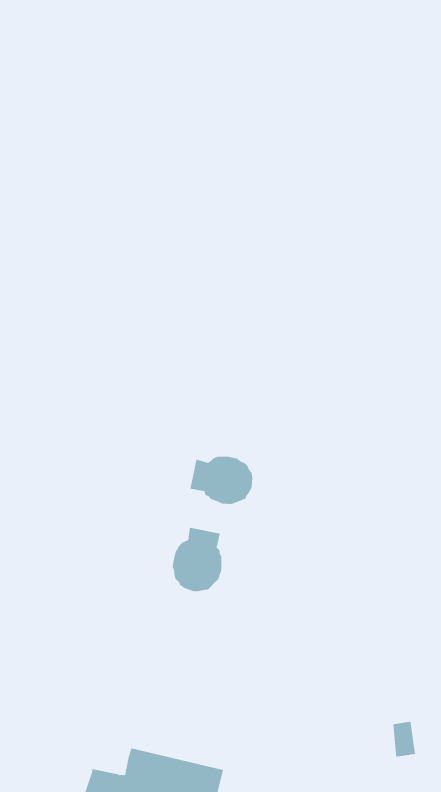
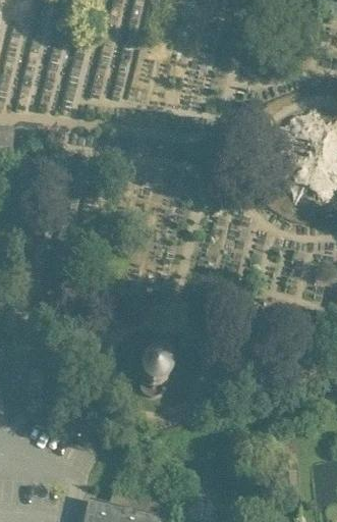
building: [190,456,253,505] -> none

